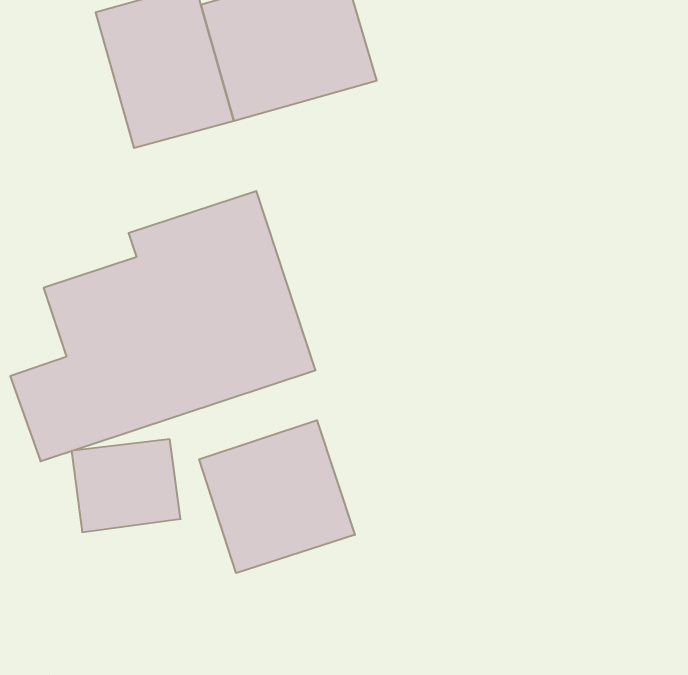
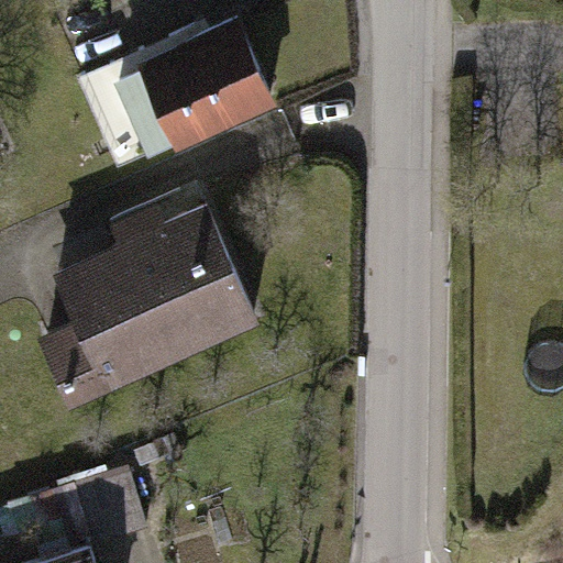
building: [199,420,355,573] -> none
building: [72,439,181,532] -> [57,471,141,544]

